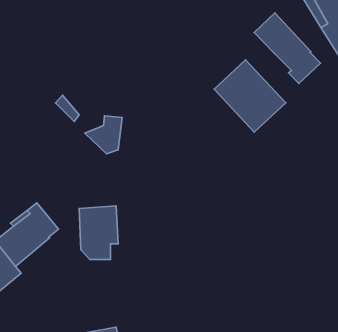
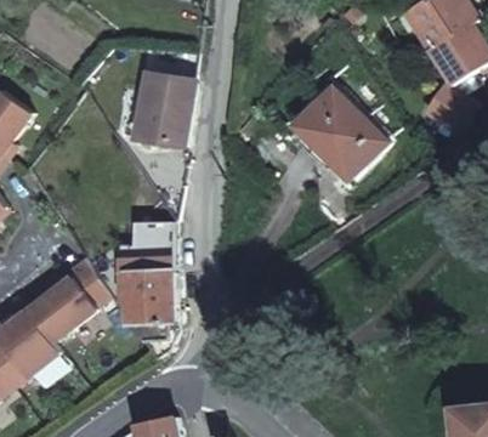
building: [254,13,320,84] -> none
building: none -> [140,79,192,144]
building: none -> [134,222,175,261]

